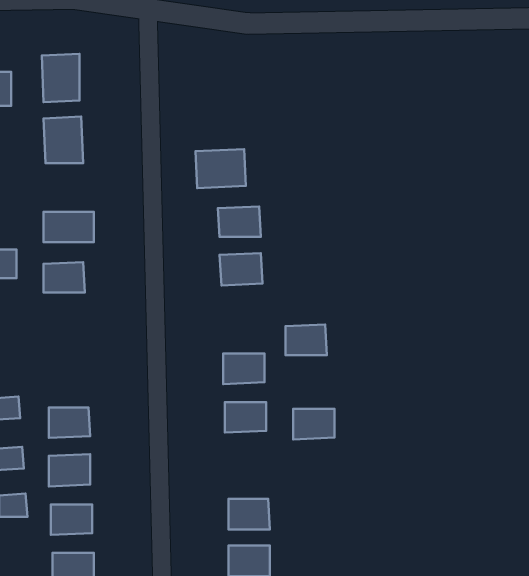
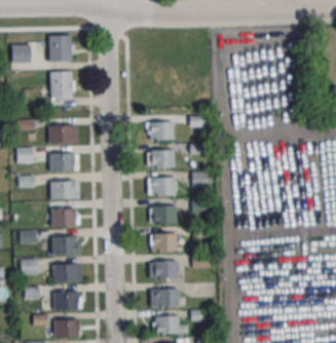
building: [196,149,246,188] -> none
building: none -> [49,182,74,199]
building: [285,325,327,355] -> [152,178,176,195]
building: none -> [51,209,75,227]
building: [293,409,335,439] -> [154,262,178,279]

